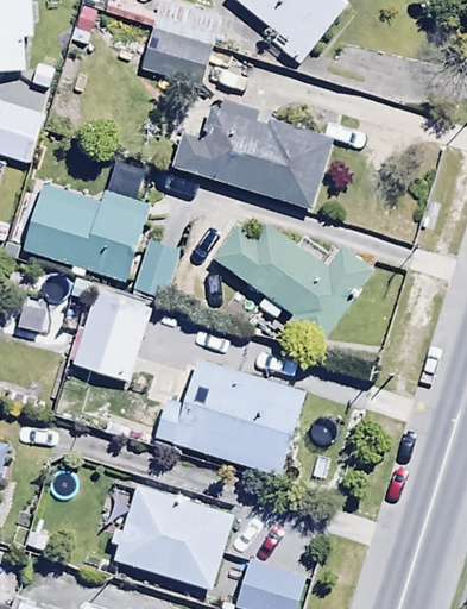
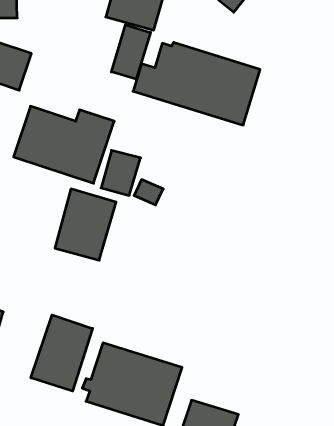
building: none -> [111,25,151,79]
building: [213,224,372,346] -> none
building: [154,358,305,477] -> none
building: none -> [31,315,93,391]

